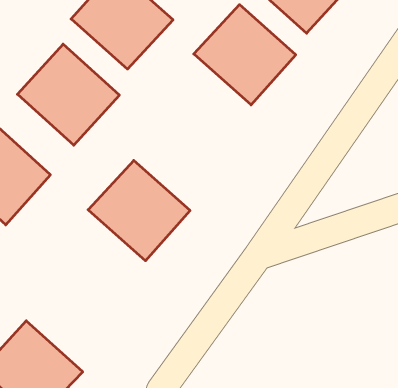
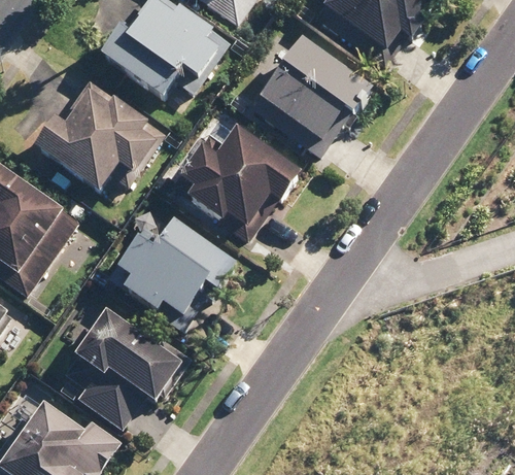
building: none -> [174,126,291,241]
building: none -> [53,300,170,416]

